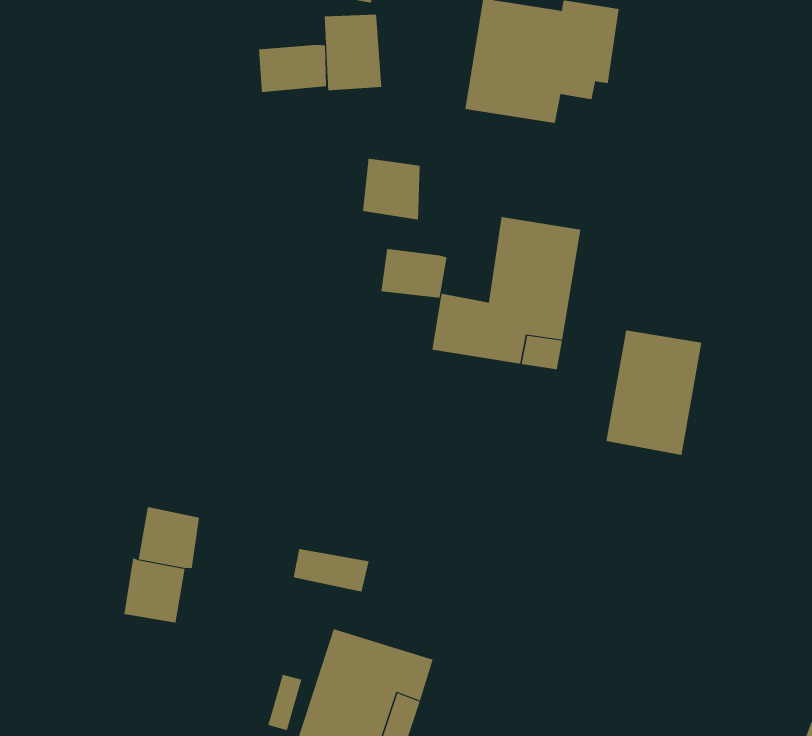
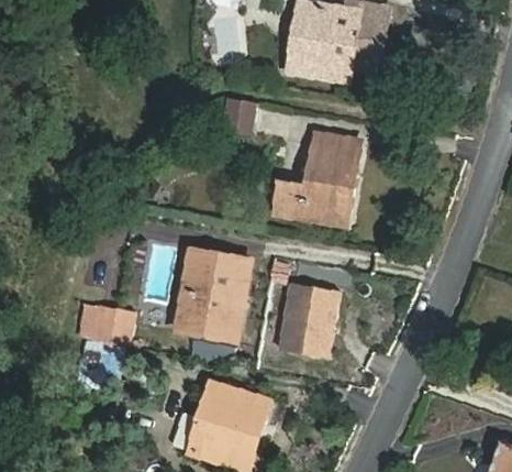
building: [259,44,326,93] -> none
building: [381,248,447,299] -> none
building: [606,330,702,456] -> [279,282,337,358]
building: none -> [176,251,254,339]

